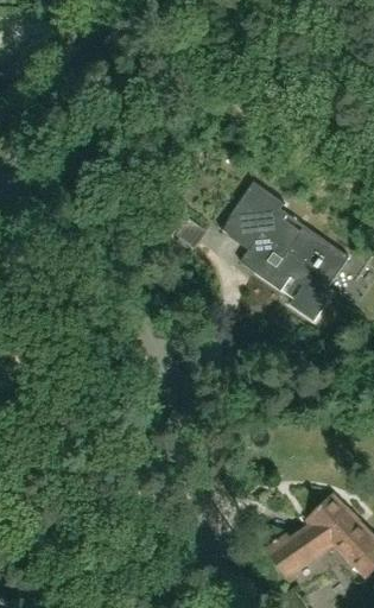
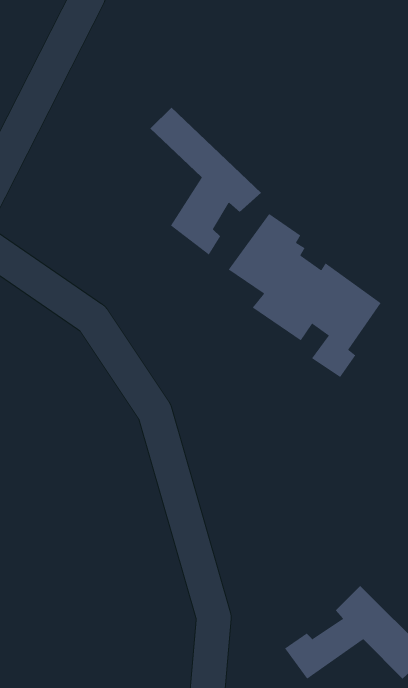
building: none -> [149,107,262,256]

